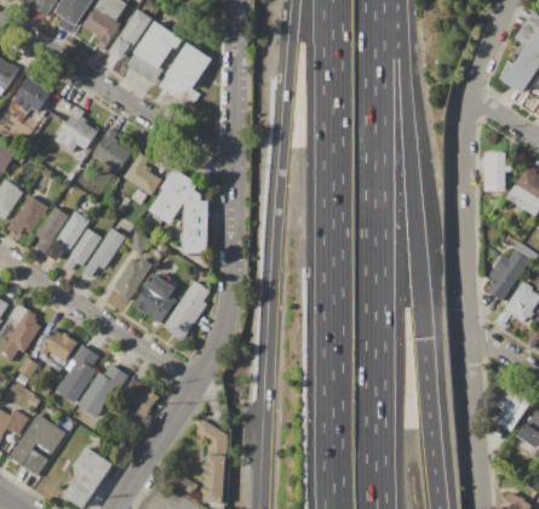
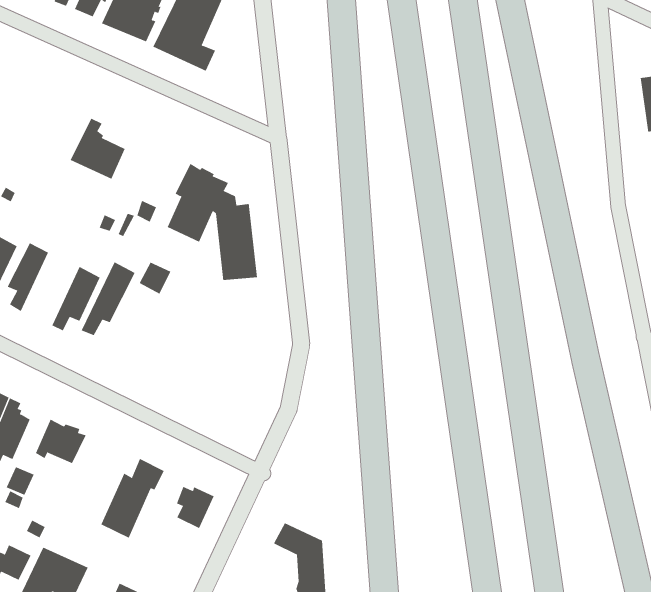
building: [55,107,97,151] -> none
building: [124,153,160,194] -> none
building: [46,211,90,261] -> none
building: [111,257,151,302] -> none
building: [133,274,173,324] -> none
building: [164,281,210,339] -> none
building: [56,344,98,402] -> none

